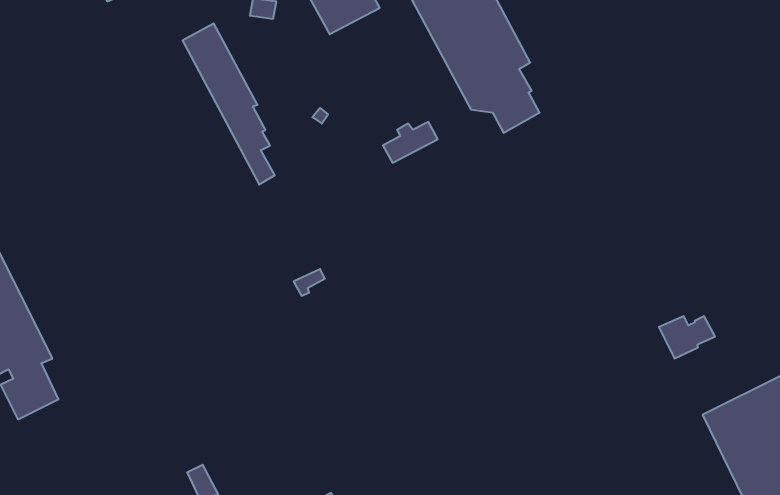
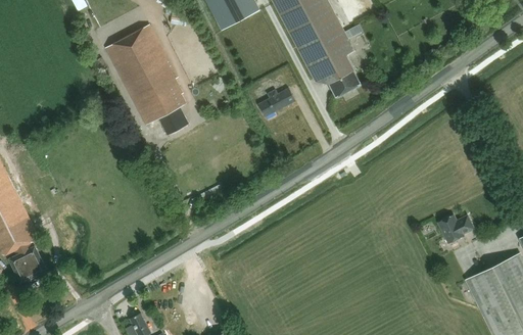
building: none -> [105,36,178,135]

